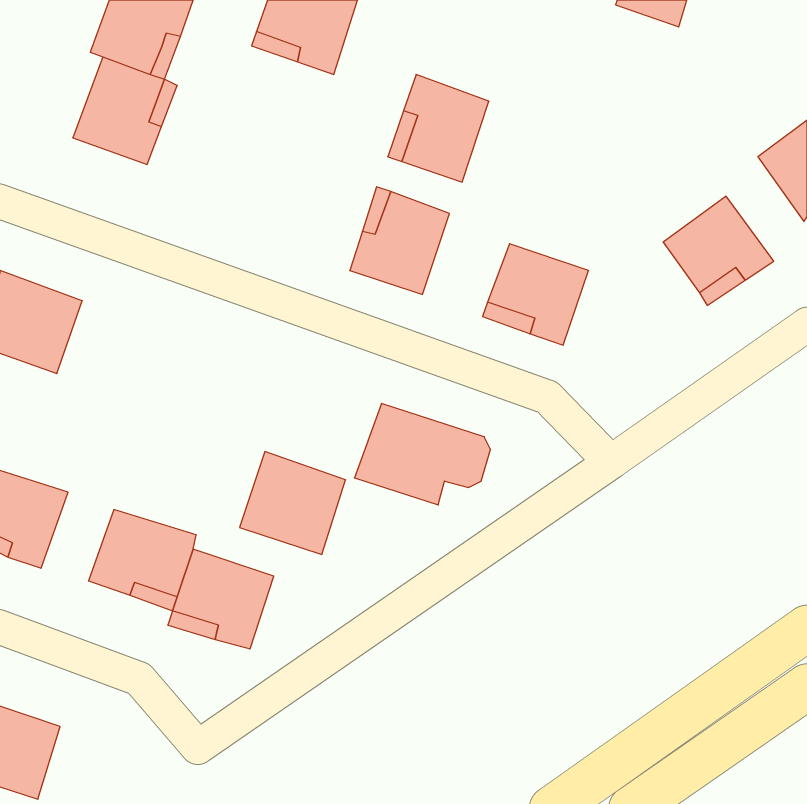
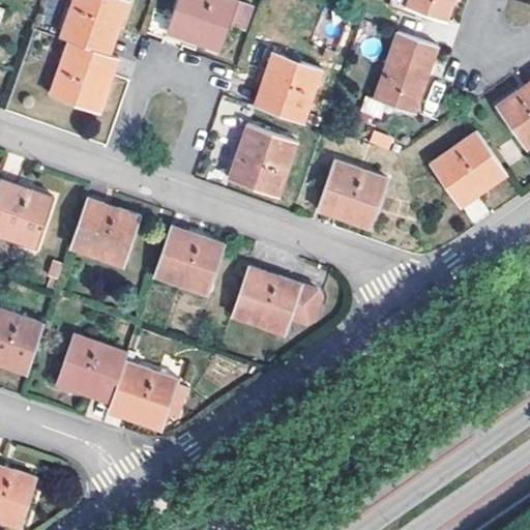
building: none -> [374,33,437,114]
building: none -> [70,202,139,265]
building: [240,452,346,554] -> [155,227,225,294]

